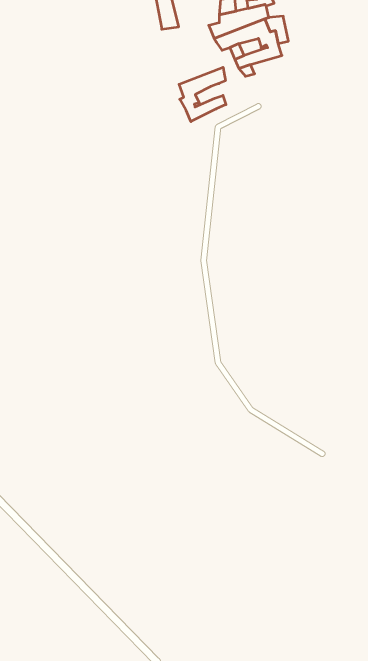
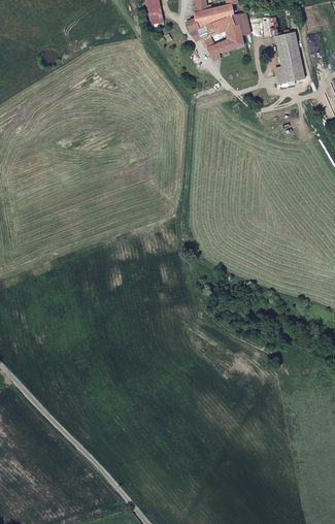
building: none -> [274,31,305,84]
building: [179,67,226,122] -> none

